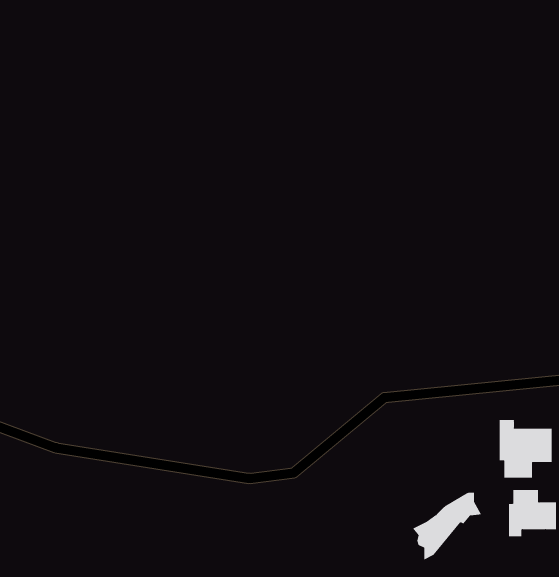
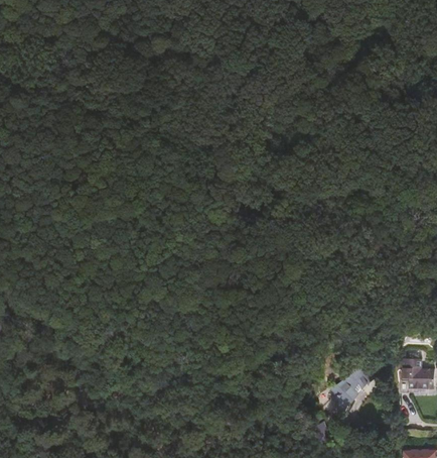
building: [499,419,552,478] -> none

